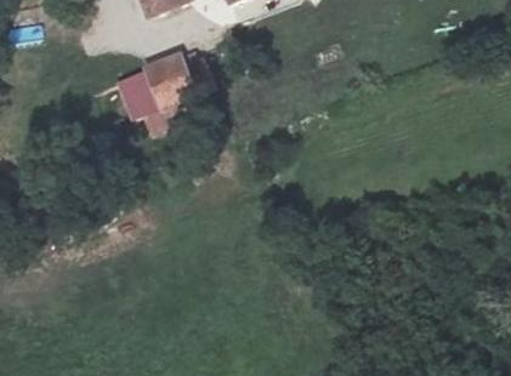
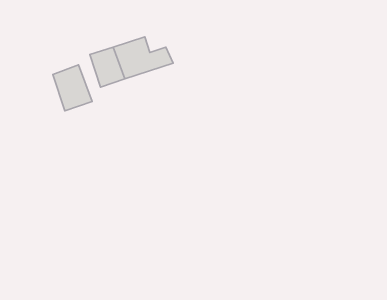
building: none -> [53,65,92,111]

